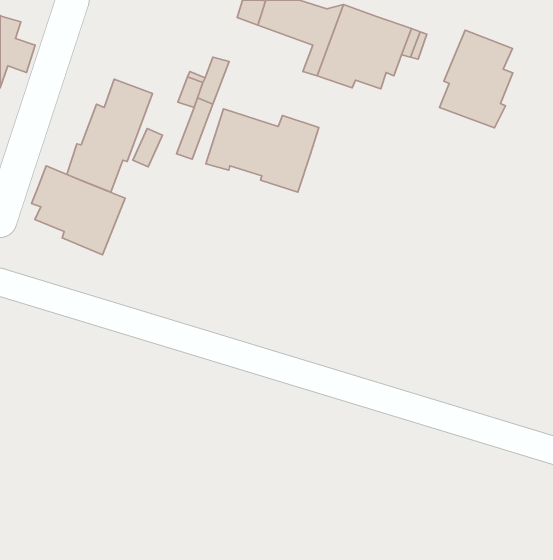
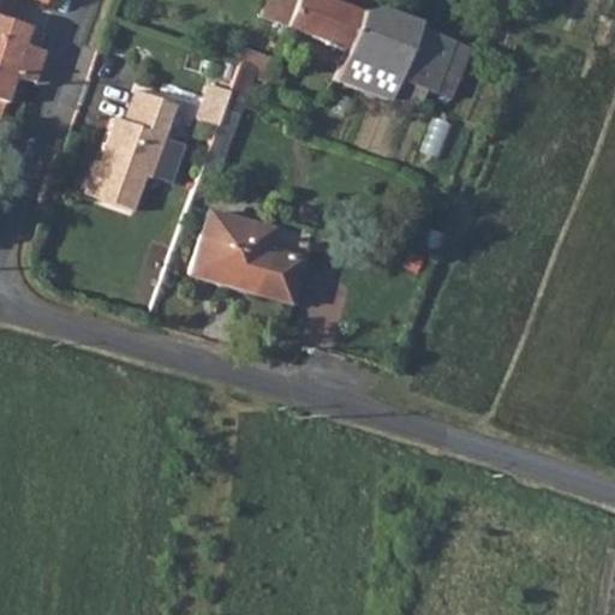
building: [439,30,513,128] -> none
building: [206,109,319,192] -> [191,209,315,300]
building: [31,166,125,255] -> none

